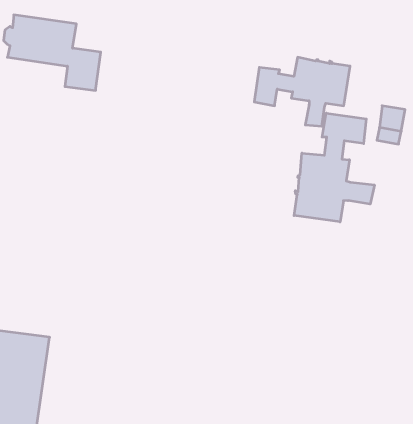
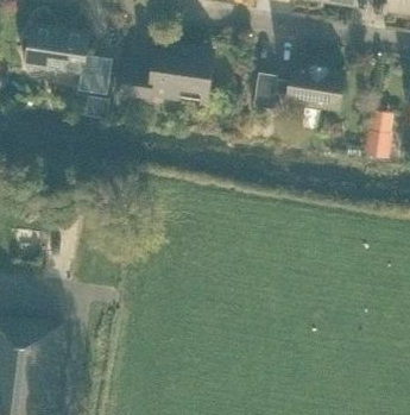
building: none -> [121,44,213,101]
building: [294,113,374,222] -> none

